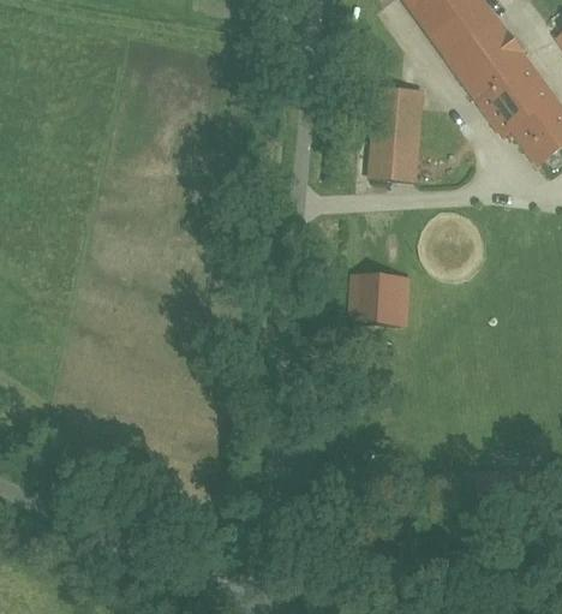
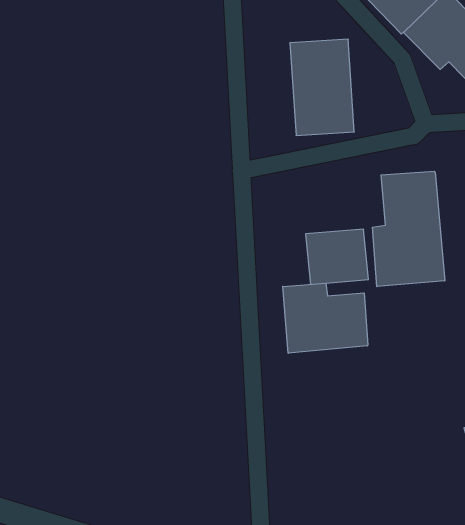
building: none -> [373,171,445,287]
building: none -> [283,283,368,353]

